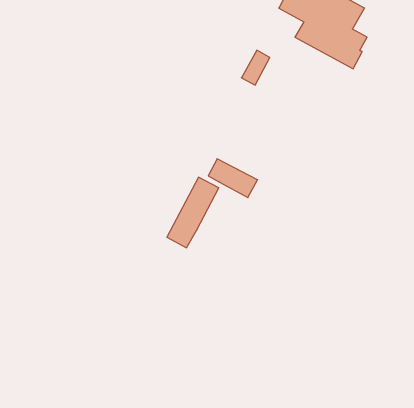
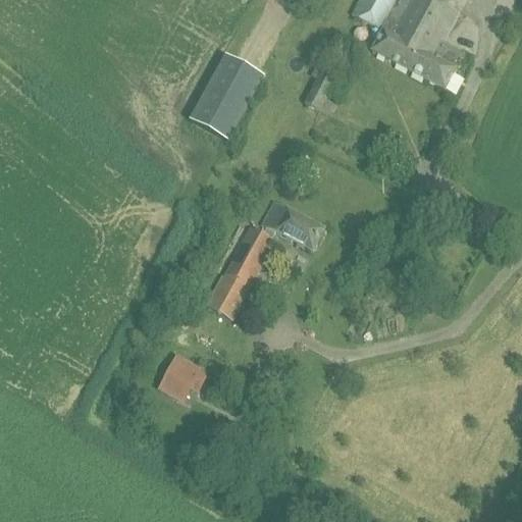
building: none -> [190,53,264,137]
building: none -> [159,353,211,401]

